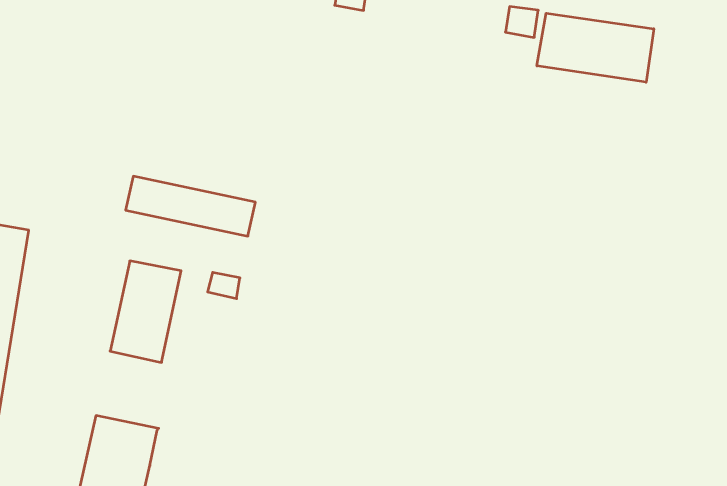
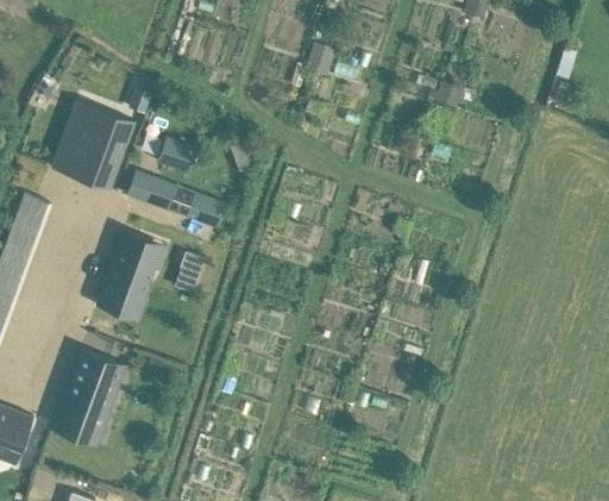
building: [537,13,654,82] -> none
building: none -> [51,100,134,189]
building: none -> [157,137,197,173]

